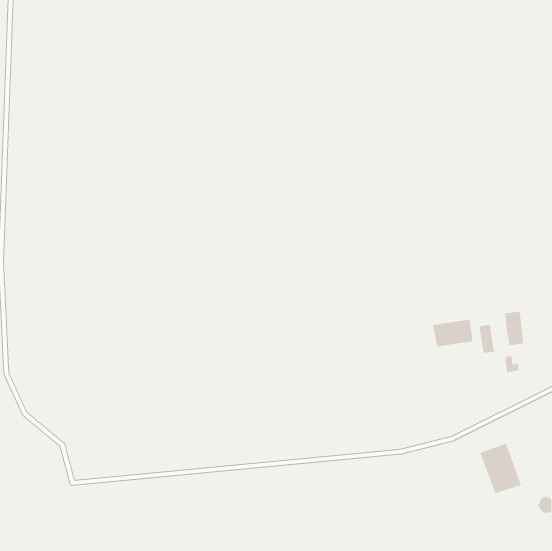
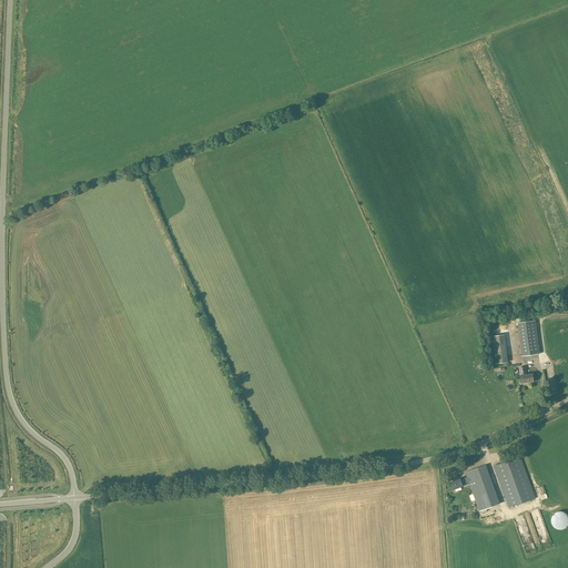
building: [432,319,473,347] -> none
building: none -> [450,464,499,510]

